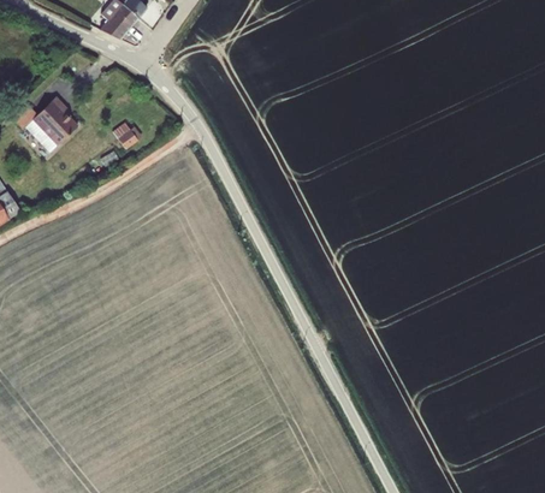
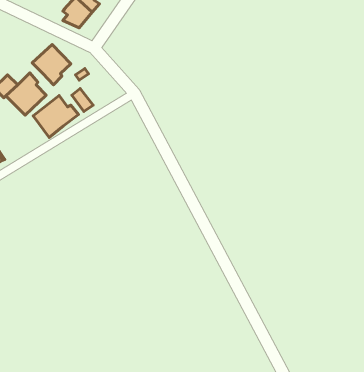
building: none -> [32,44,71,85]
building: none -> [33,96,78,137]

